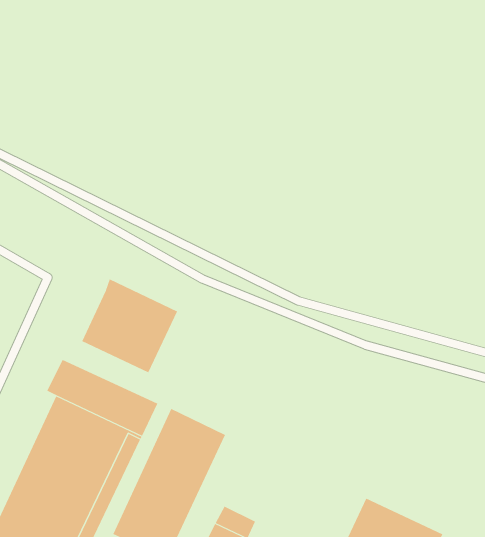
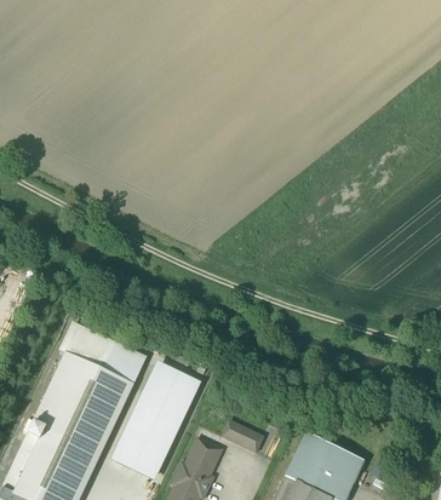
building: [82,278,178,373] -> none
building: none -> [220,420,263,452]

